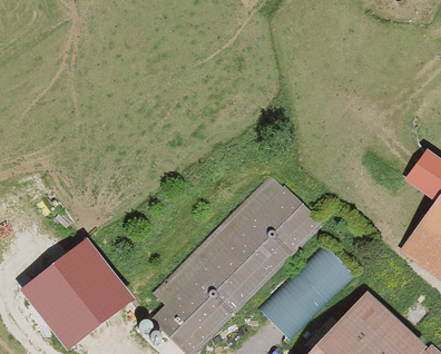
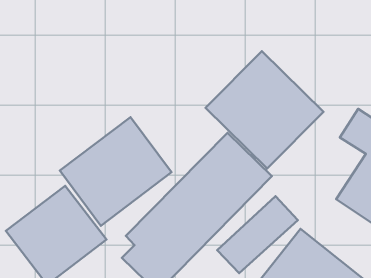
building: none -> [206,51,323,169]
building: none -> [60,117,171,226]

